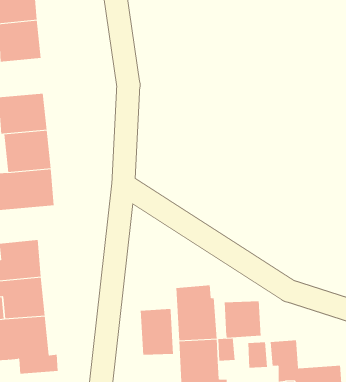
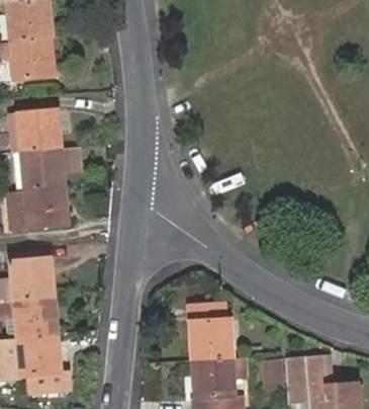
building: [224,300,261,338] -> none
building: [140,308,174,355] -> none

